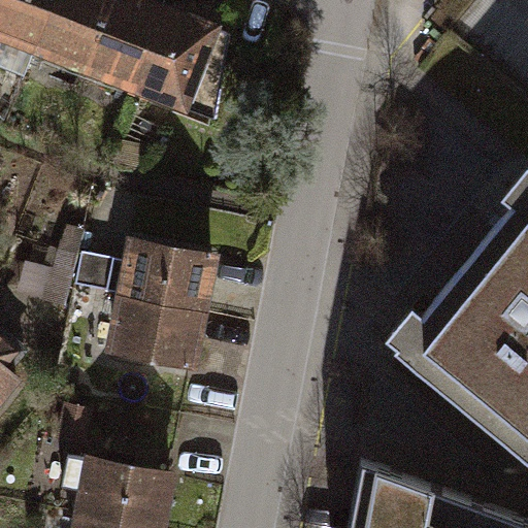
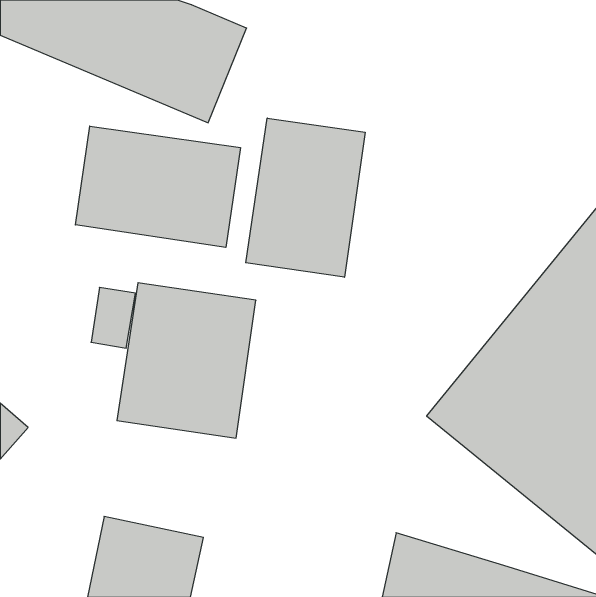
building: none -> [246,118,365,277]
building: none -> [75,126,240,247]

